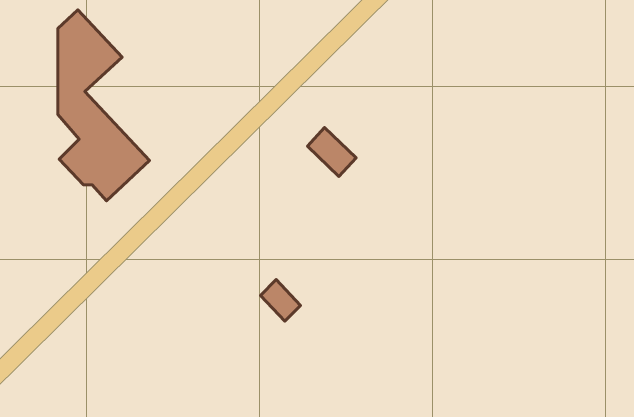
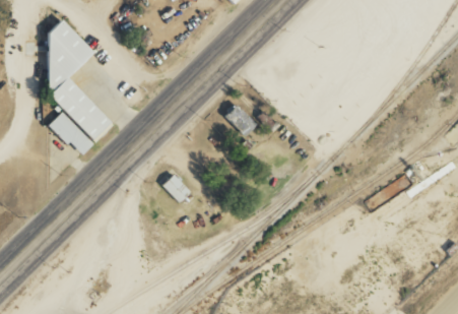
building: [260,280,301,321] -> [163,173,192,202]

